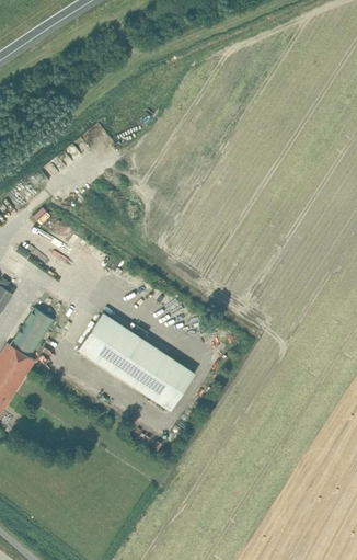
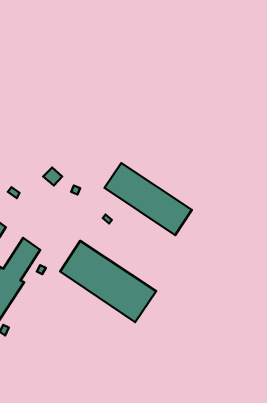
building: none -> [104,163,192,235]

